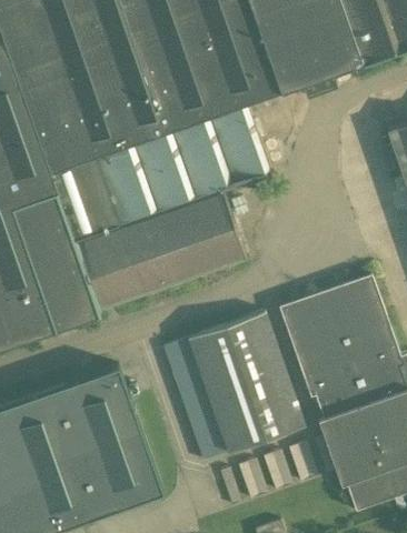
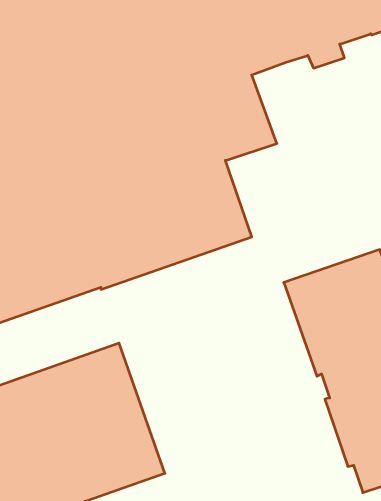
building: [162,310,306,461] -> none

